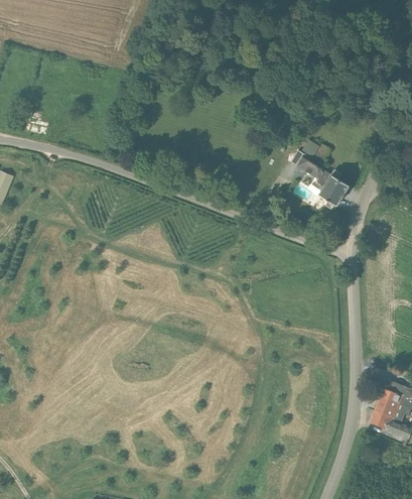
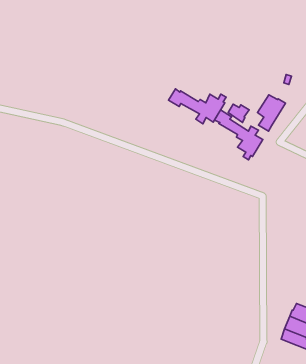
building: none -> [168,89,226,124]
building: none -> [258,95,285,131]

